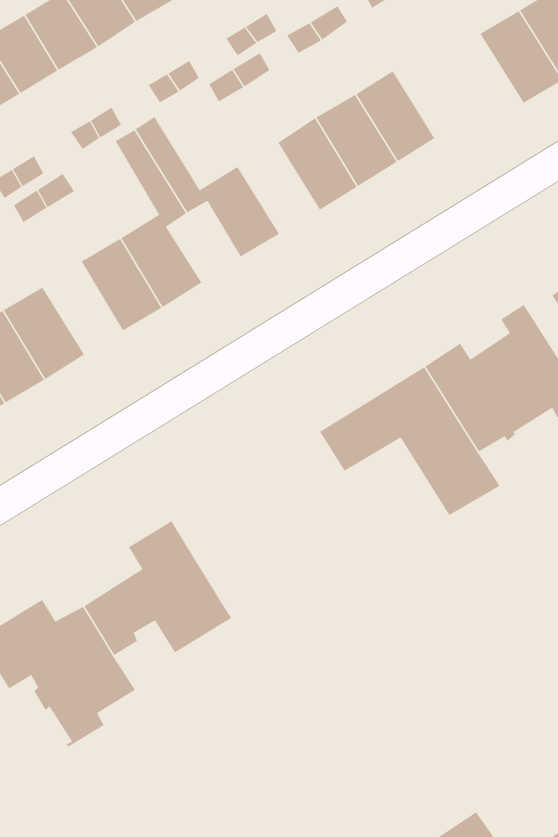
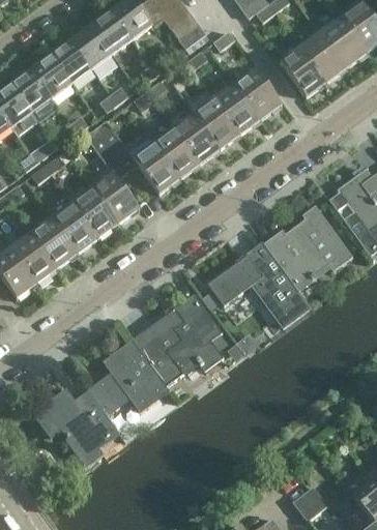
building: none -> [233,68,281,119]
building: none -> [152,128,199,178]
building: none -> [51,202,96,253]
building: none -> [132,301,223,385]

